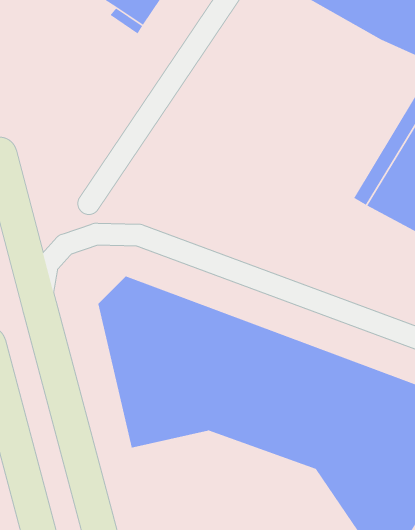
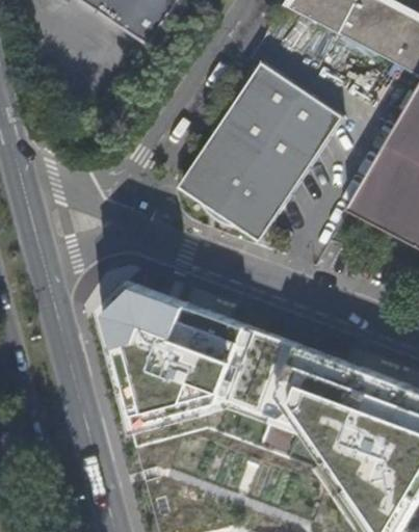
building: none -> [178,61,344,238]

